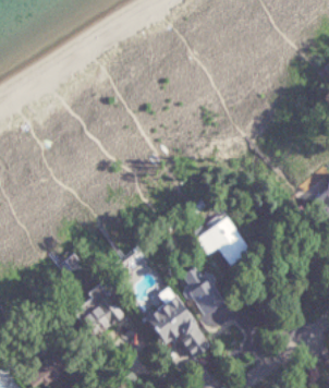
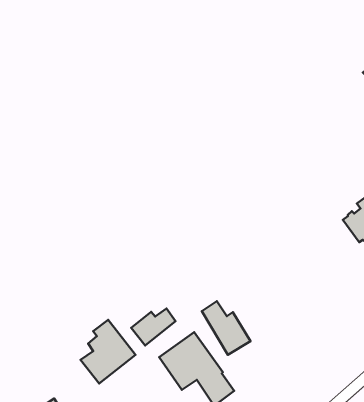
building: [193,214,248,266] -> none
building: none -> [131,309,176,346]

